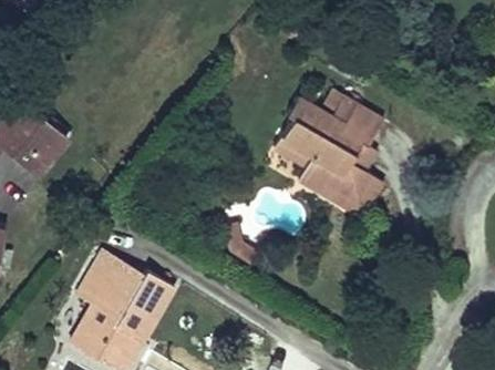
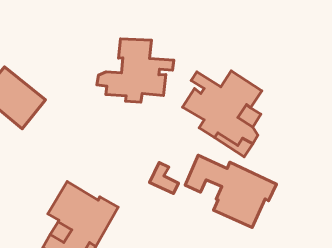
building: none -> [97,39,174,102]
building: none -> [185,155,276,228]

